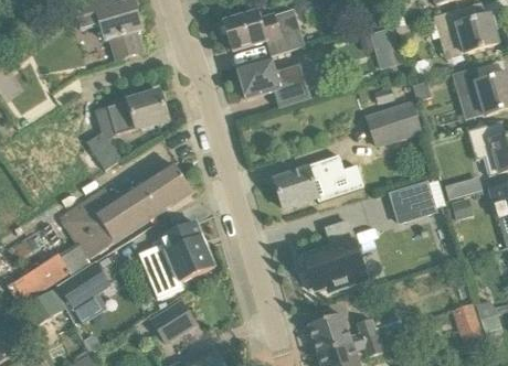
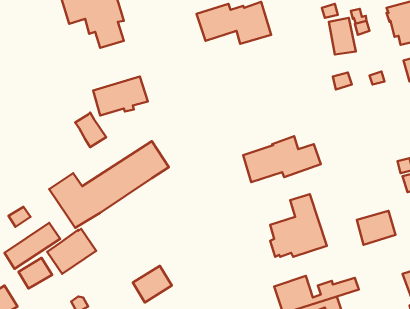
building: [236,56,309,106] -> none
building: [364,100,422,147] -> none
building: [391,183,434,220] -> [357,211,395,245]
building: [138,220,214,297] -> none

